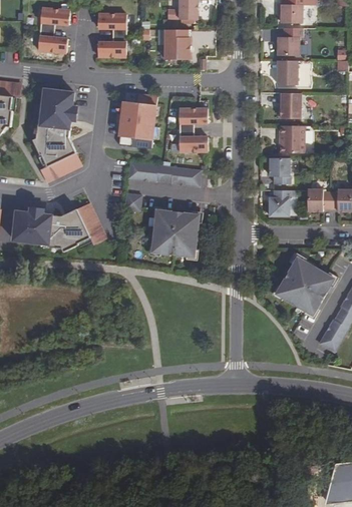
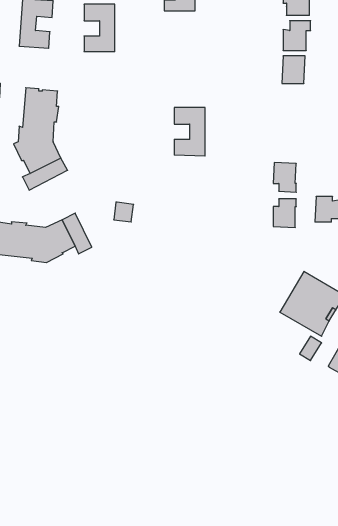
building: [164,29,190,55] -> none
building: [115,91,155,147] -> none
building: [279,93,300,118] -> none
building: [279,125,304,153] -> none
building: [127,161,201,186] -> none
building: [151,209,200,258] -> none

